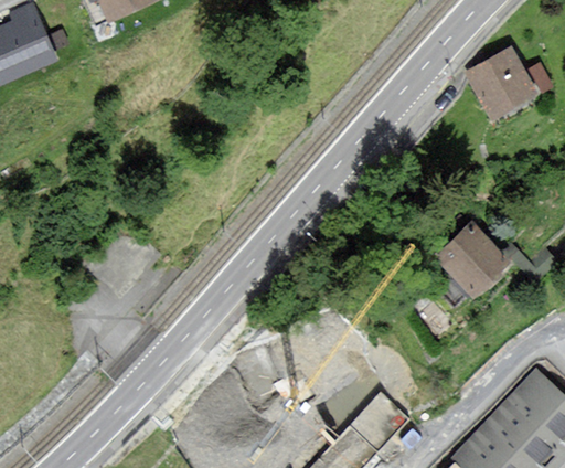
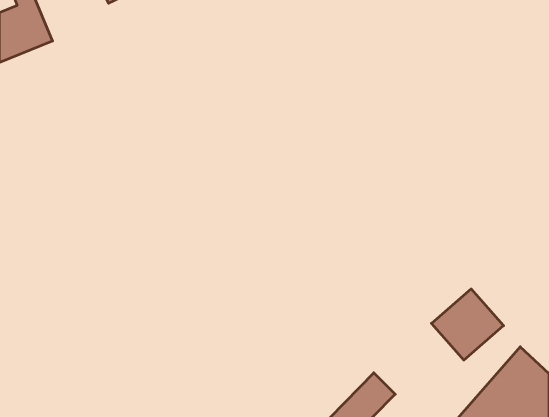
building: [470,50,533,115] -> none
building: [437,226,511,299] -> [431,289,504,360]

